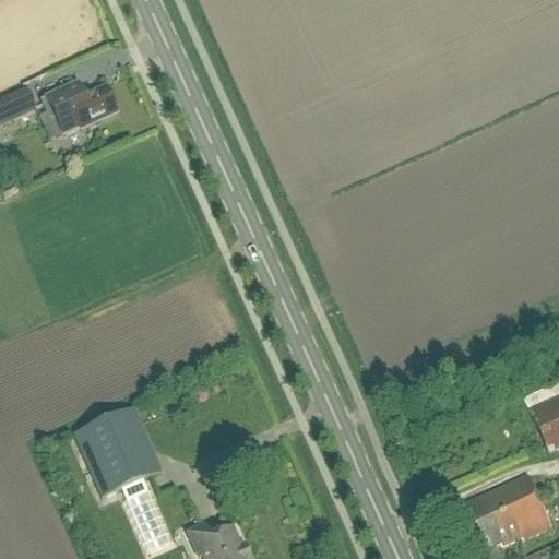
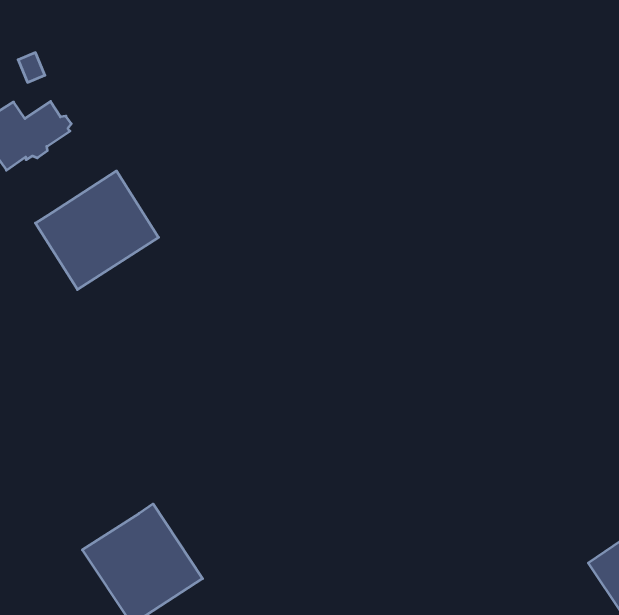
building: none -> [35,171,159,290]

